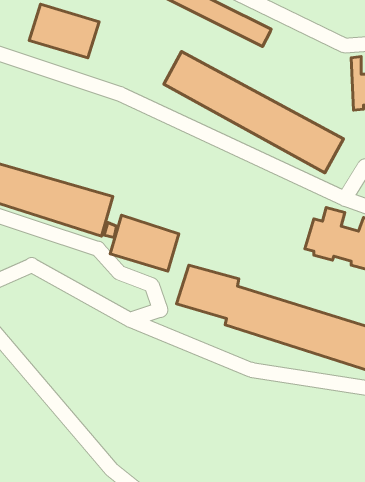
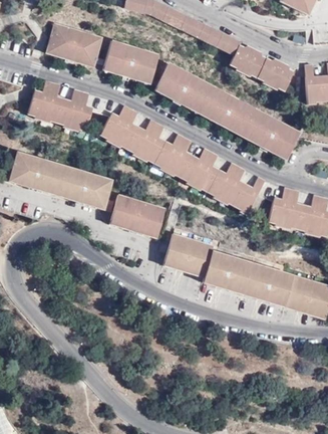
building: none -> [103,39,157,83]
building: none -> [229,44,293,92]
building: none -> [27,80,93,131]
building: none -> [99,104,264,214]

